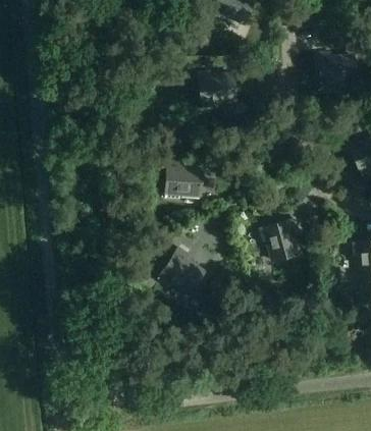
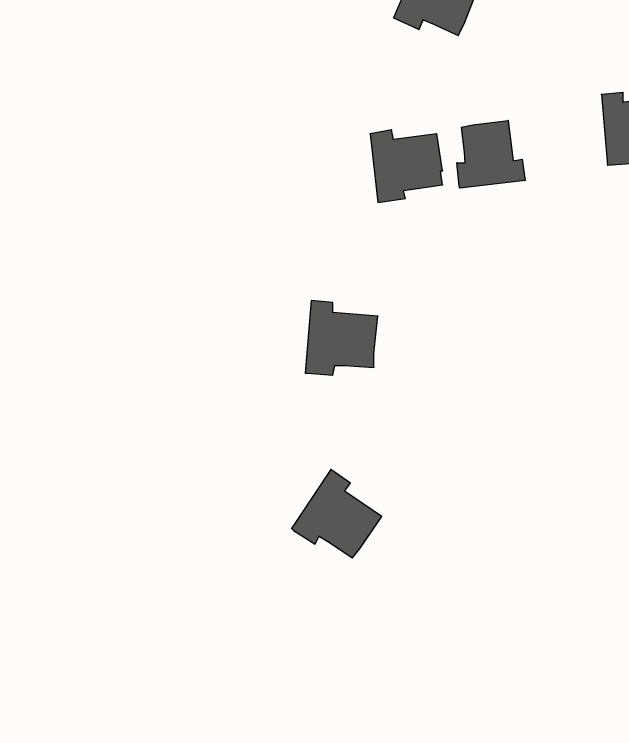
building: none -> [457,120,525,188]
building: [260,218,300,260] -> none

